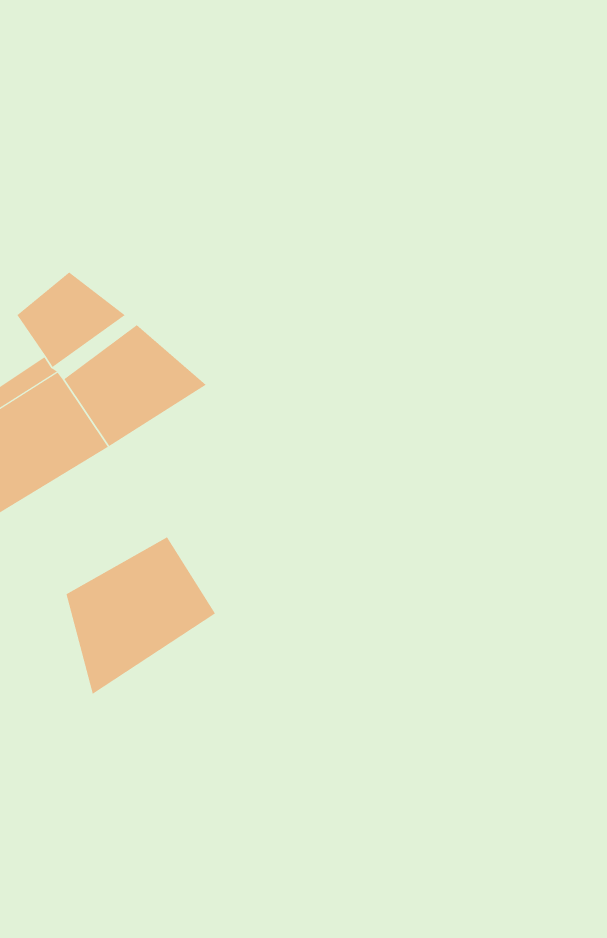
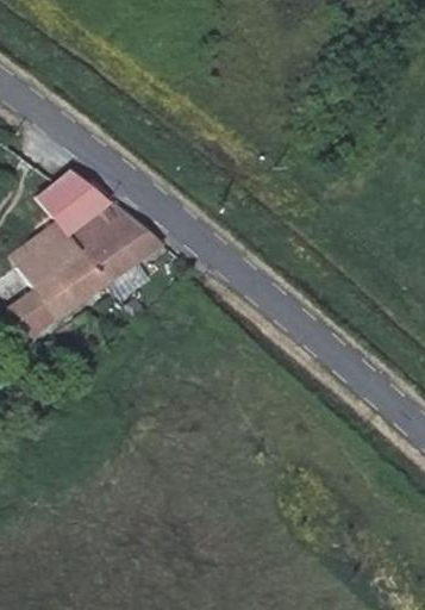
building: [66,536,216,695] -> none

